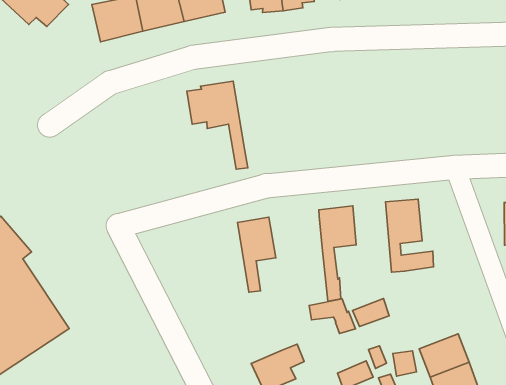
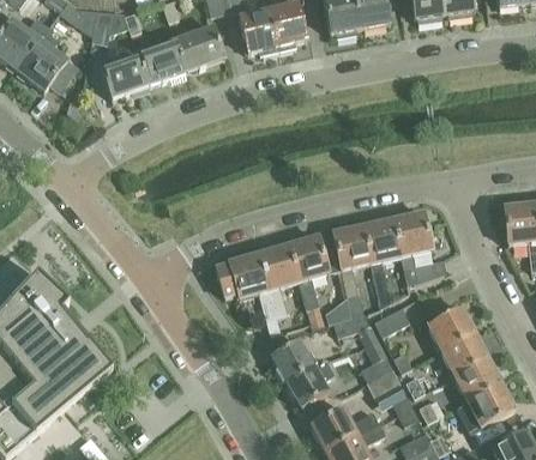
building: [187,81,248,169] -> [216,252,281,333]
building: none -> [363,217,408,303]
building: none -> [287,235,339,307]
building: none -> [427,305,475,350]
building: none -> [271,339,313,381]
building: none -> [360,338,392,381]

